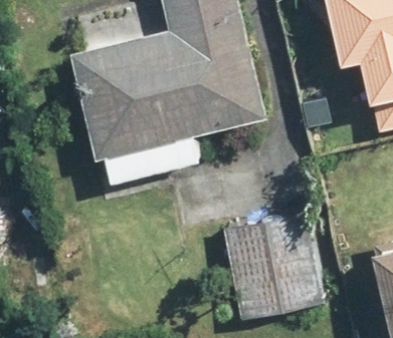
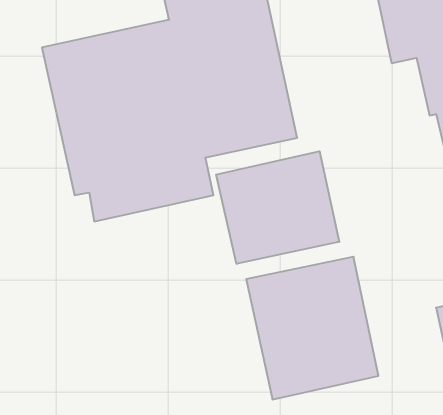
building: none -> [216,151,339,264]

